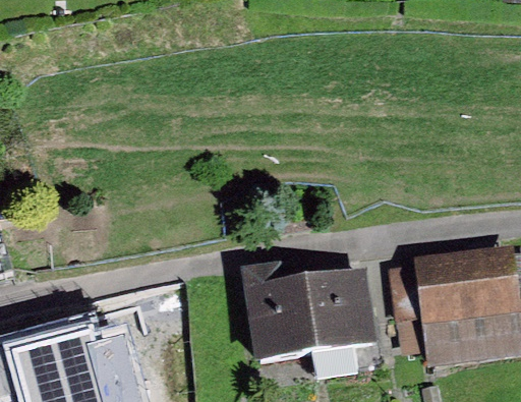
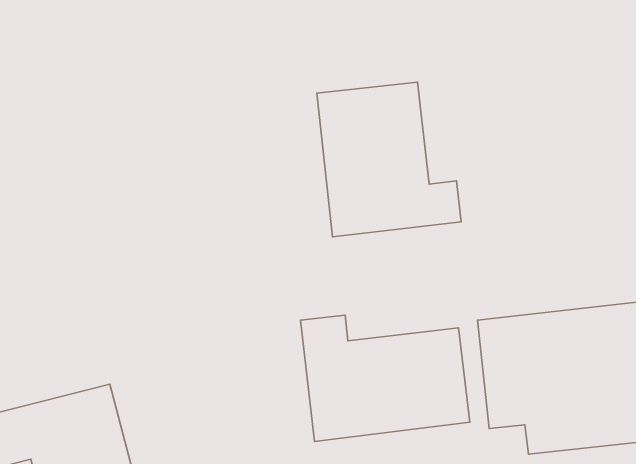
building: none -> [317,82,461,237]

